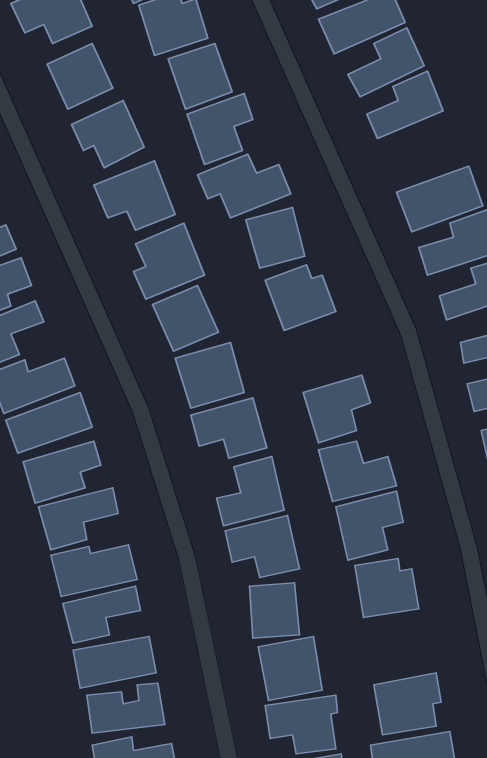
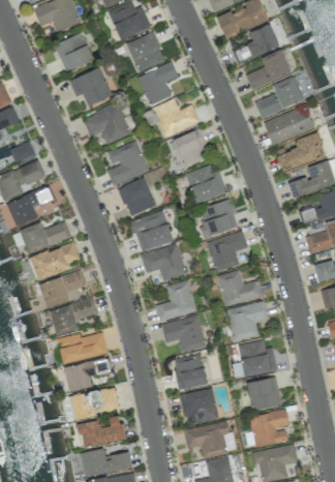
building: none -> [254,77,304,119]
building: none -> [197,201,237,236]
building: none -> [247,376,282,411]

